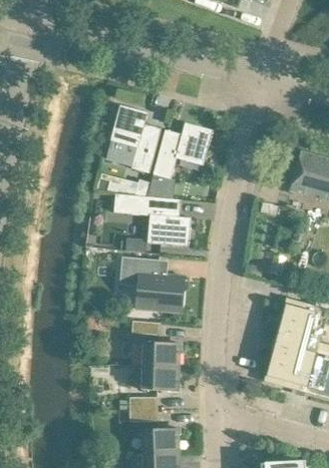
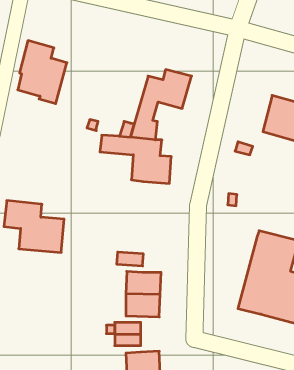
building: [108,105,161,173] -> [18,41,67,104]
building: [119,257,185,313] -> [4,201,64,252]

